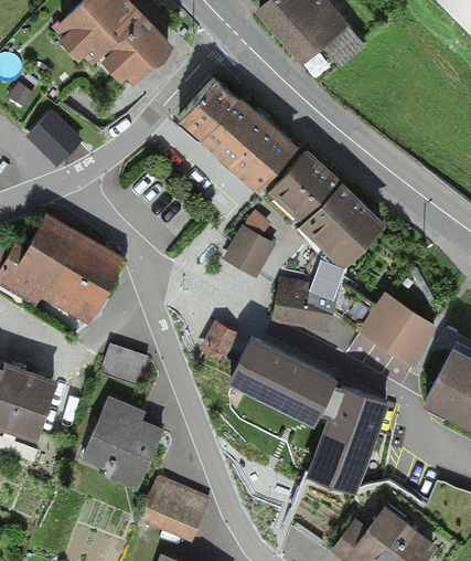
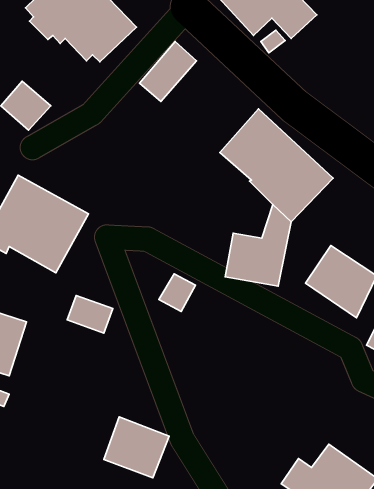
building: [201,94,296,189] -> none
building: [223,212,275,282] -> none
building: [227,331,389,494] -> none
building: [84,401,162,496] -> none

